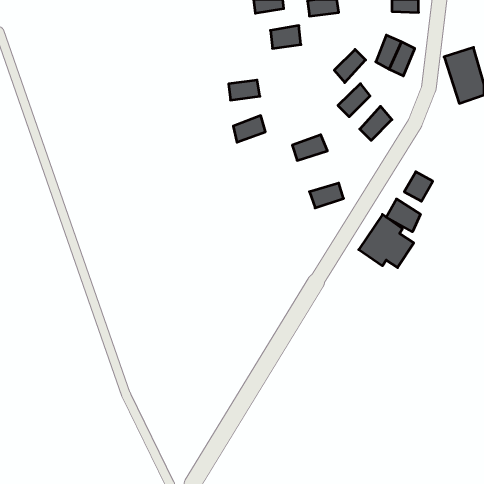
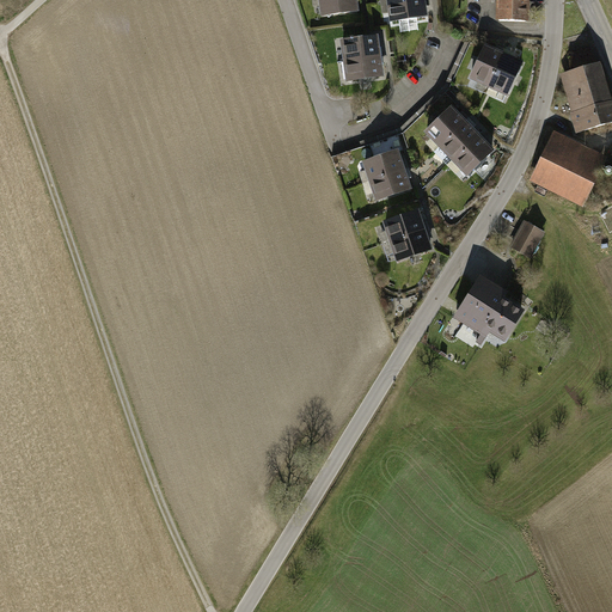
building: [334,49,366,83] -> [440,121,479,163]
building: [229,80,260,100] -> [343,56,382,81]
building: none -> [530,126,605,201]
building: [233,116,265,142] -> [363,149,404,183]
building: none -> [384,209,427,241]
building: [386,199,420,232] -> none

